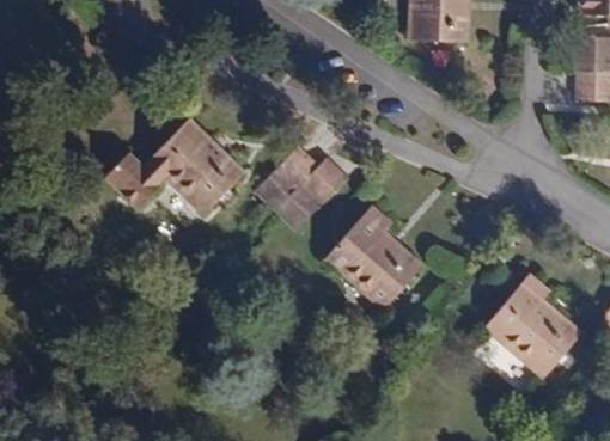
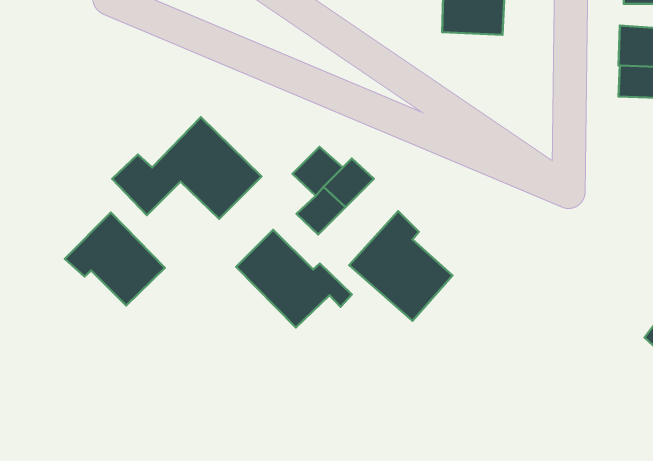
building: none -> [65,213,165,305]
building: none -> [236,230,352,328]
building: [486,275,581,375] -> none

